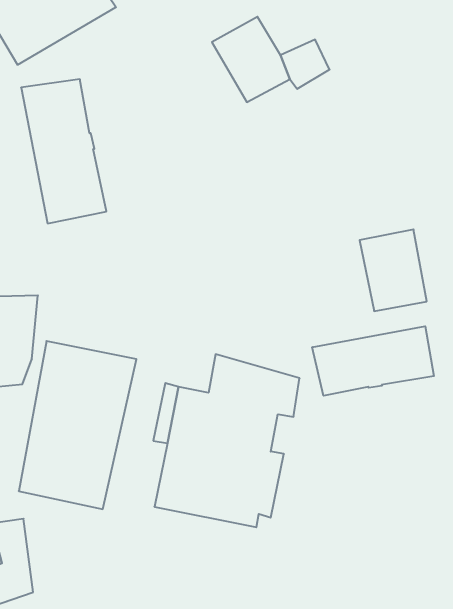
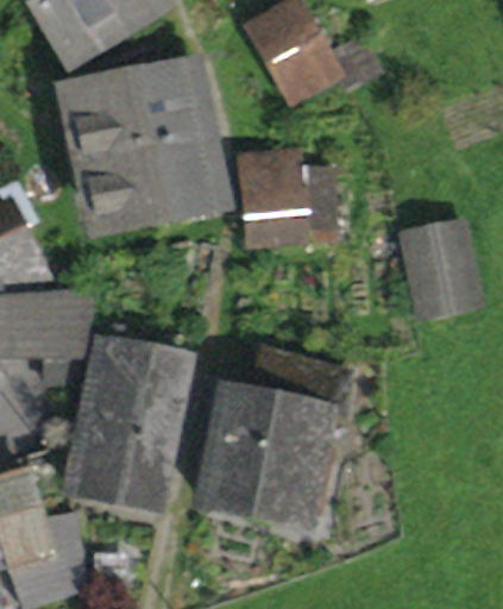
building: none -> [131,67,214,212]
building: none -> [251,158,332,246]
building: [312,326,434,396] -> none

